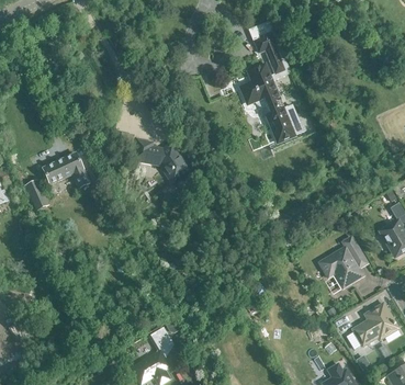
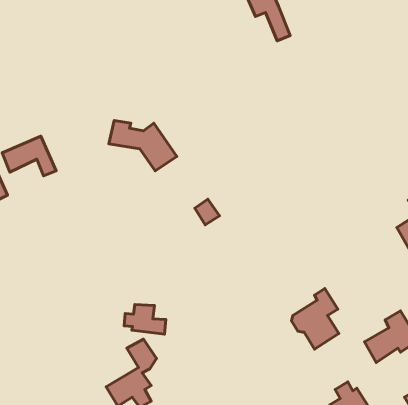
building: [241,66,305,141] -> none
building: [323,237,363,288] -> [291,289,339,349]
building: none -> [124,304,166,334]

